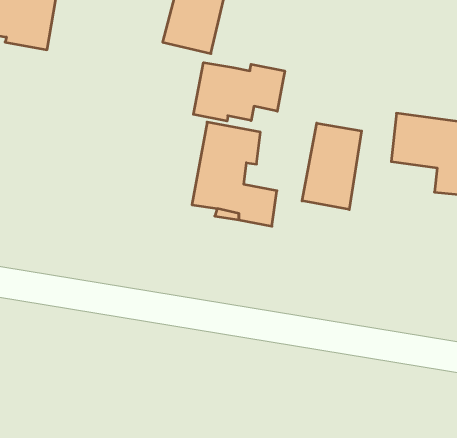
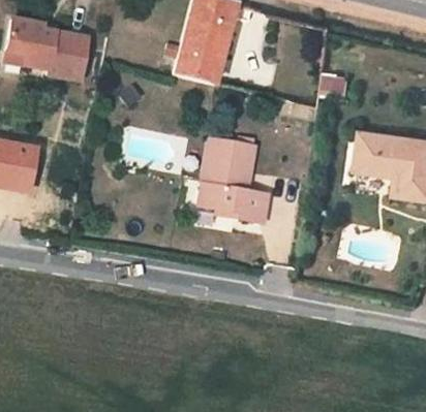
building: [193,63,285,121] -> none
building: [302,123,362,210] -> none

